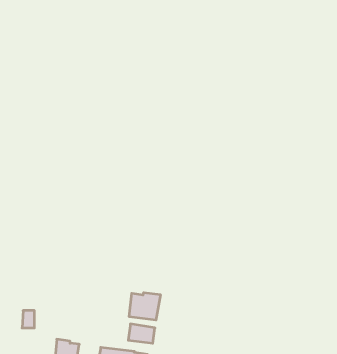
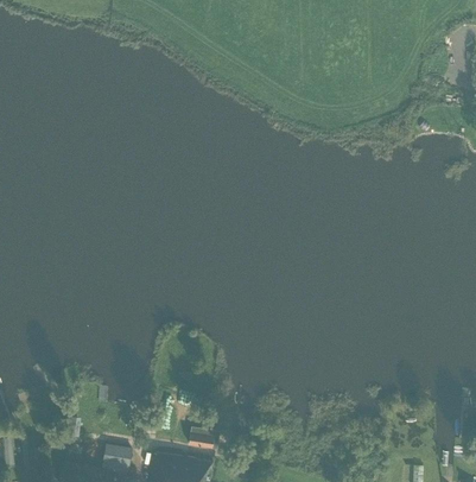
building: [129,293,160,320] -> none

